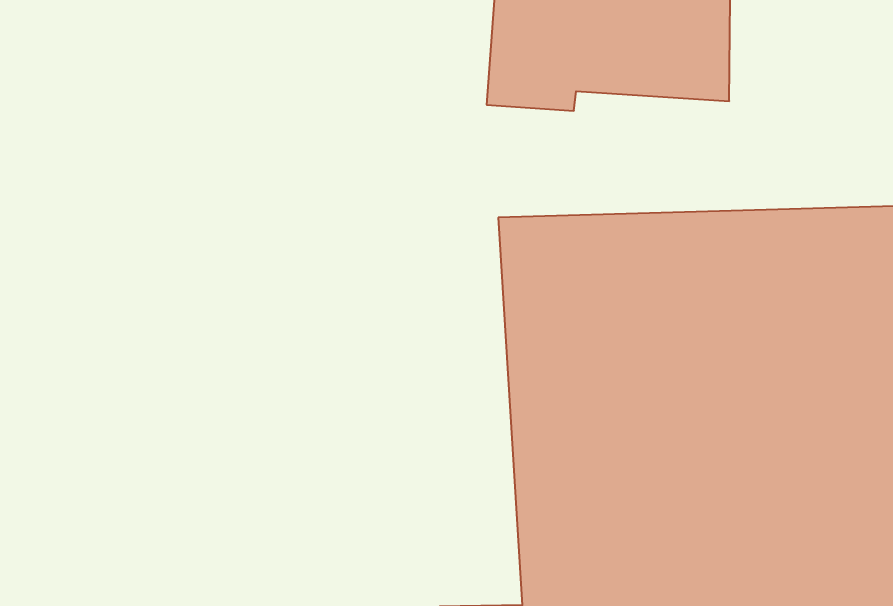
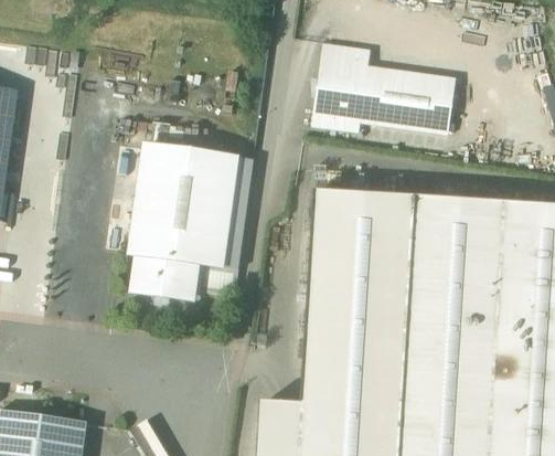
building: none -> [130,144,238,296]

